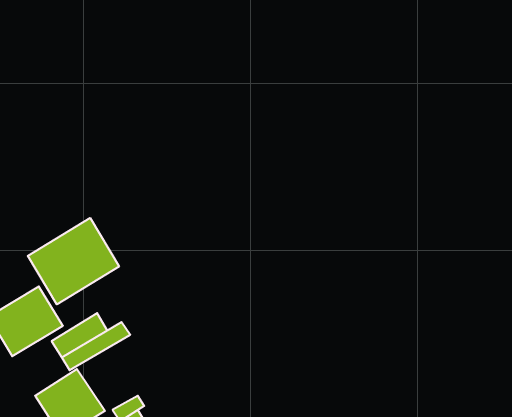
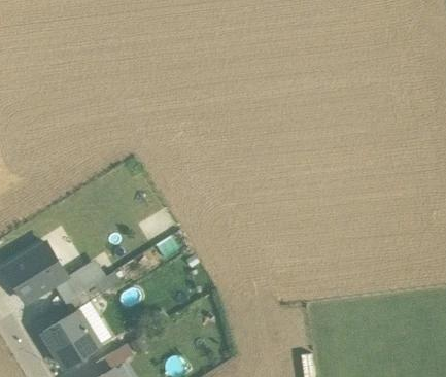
building: [28,218,119,304] -> none

